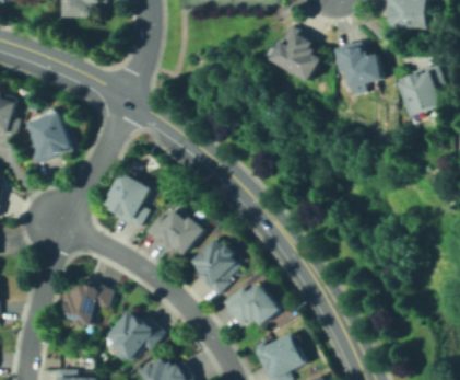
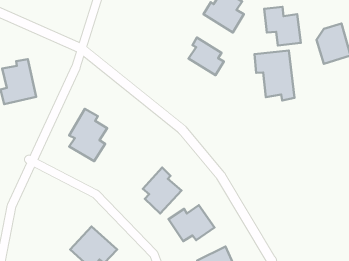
building: none -> [188,37,224,75]
building: none -> [254,50,295,100]
building: [144,208,201,253] -> none
building: [58,276,117,327] -> none

